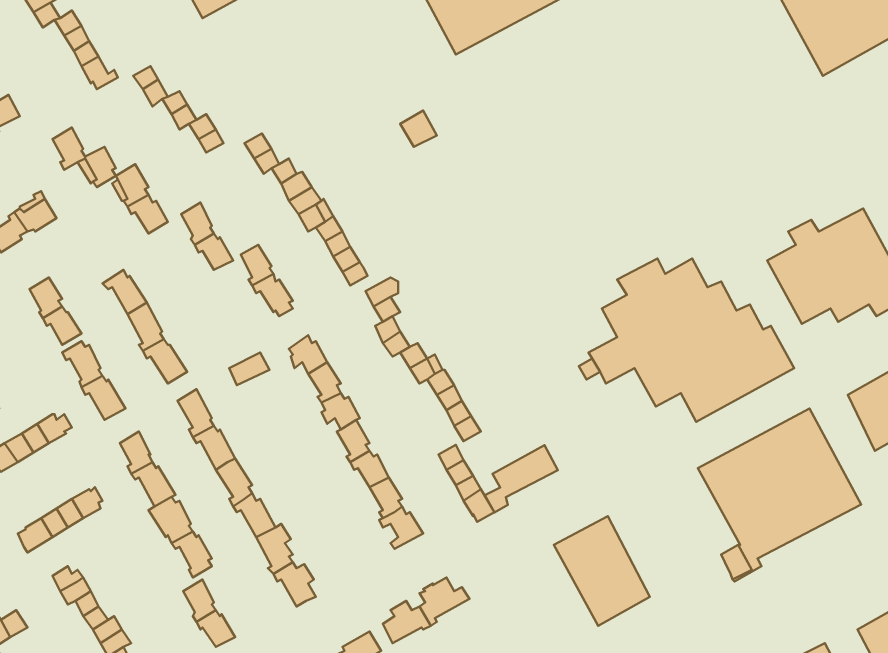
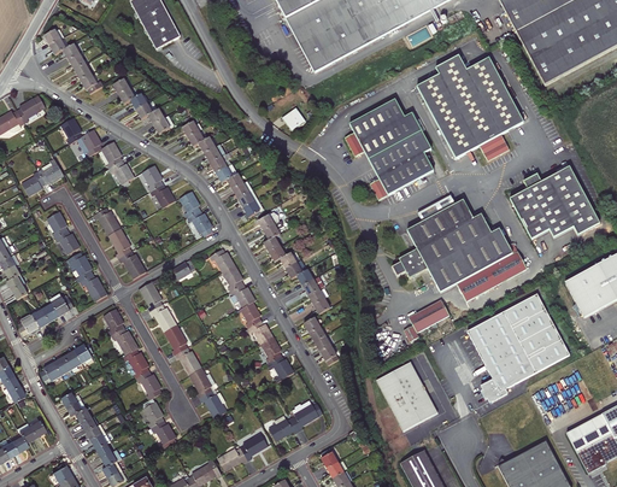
building: none -> [416,57,523,163]
building: none -> [343,101,433,201]
building: [485,445,558,512] -> [404,299,449,341]

